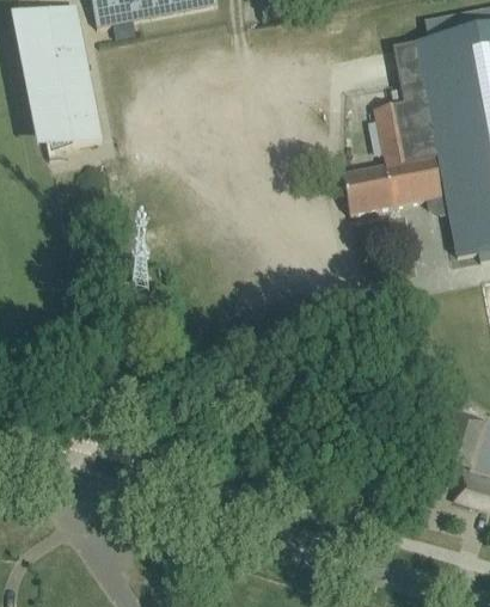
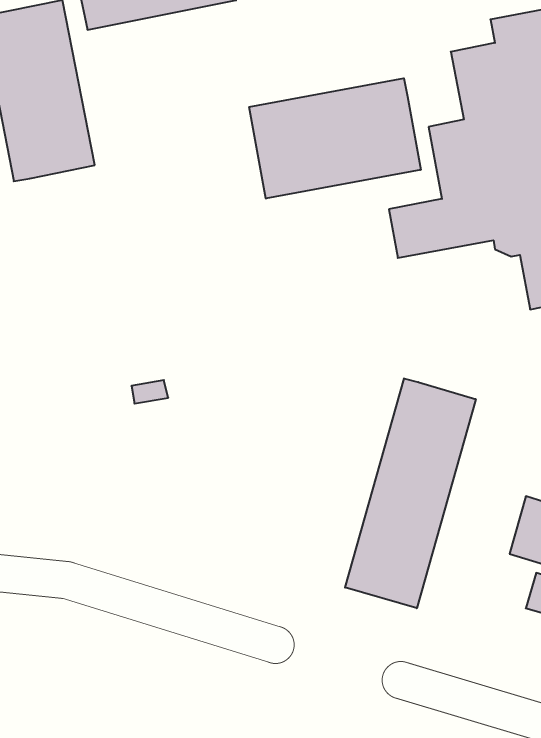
building: none -> [249,78,421,199]
building: none -> [345,378,476,608]

